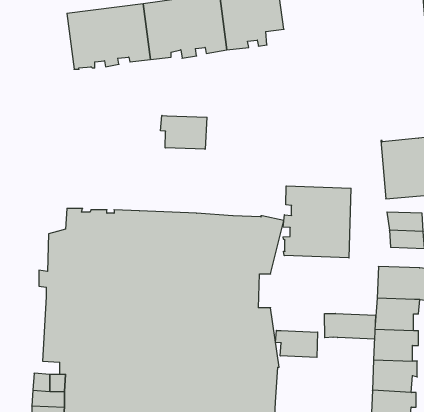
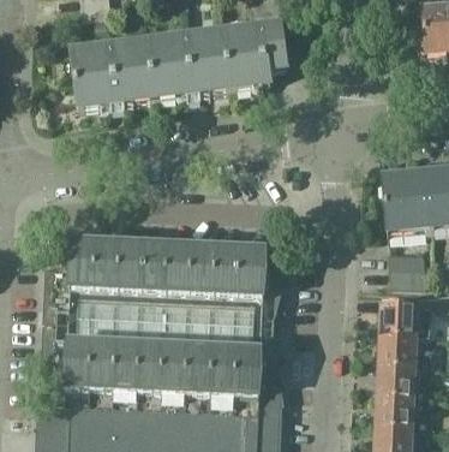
building: [161,115,207,149] -> none
building: [283,186,351,258] -> none
building: [325,313,375,339] -> none
building: [275,330,318,357] -> none

